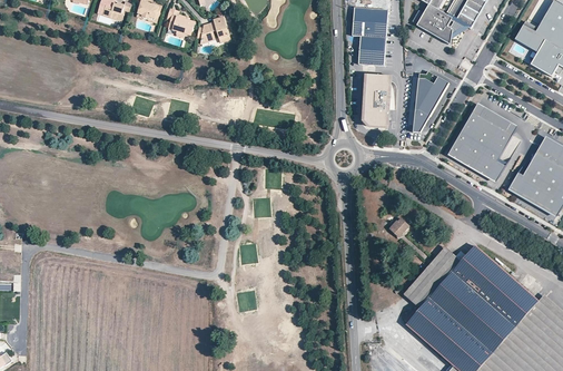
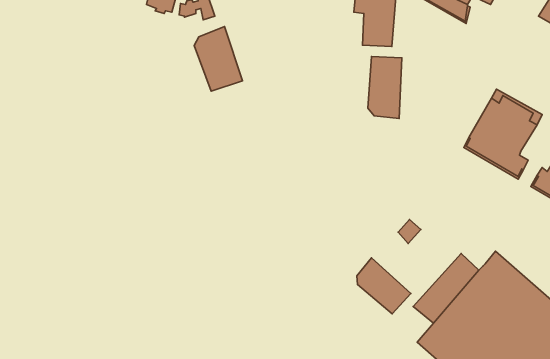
building: none -> [194,27,243,91]
building: [414,70,451,133] -> none
building: none -> [357,258,411,314]

